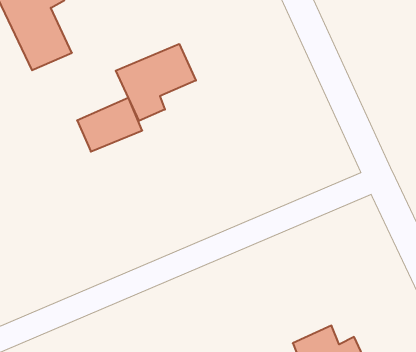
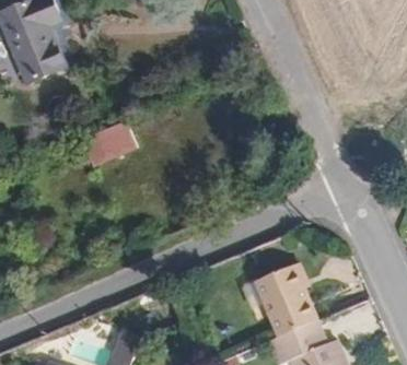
building: [116,44,196,121] -> none
building: none -> [244,262,318,337]

